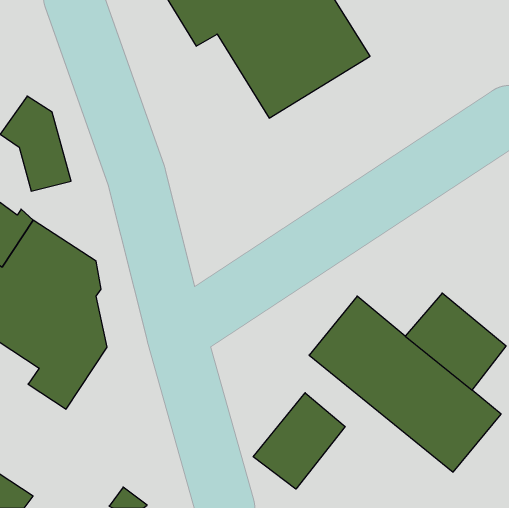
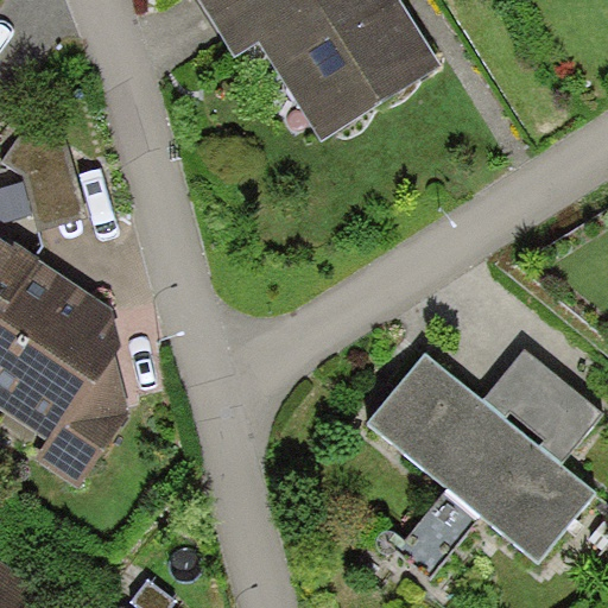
building: [253,393,345,489] -> none

